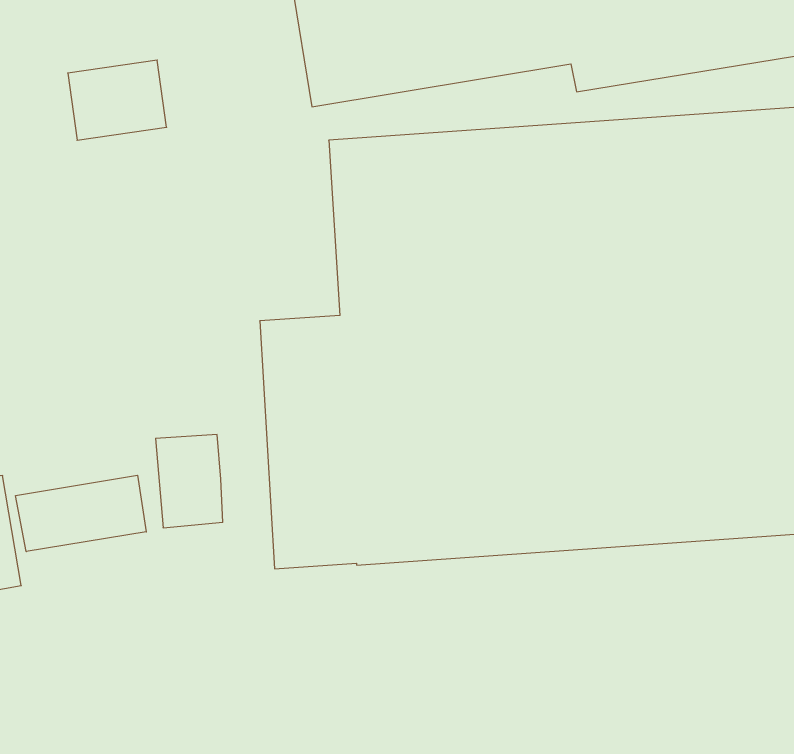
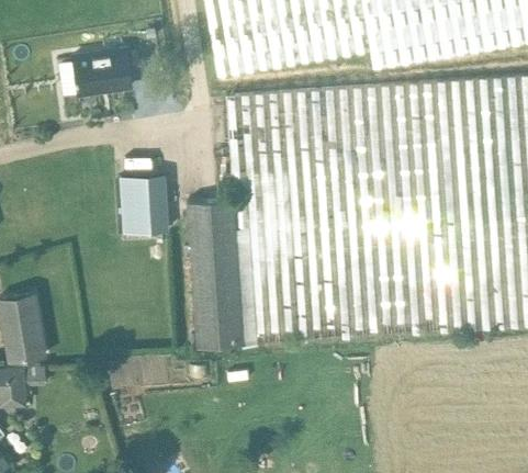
building: [156,435,223,528] -> [120,176,159,230]
building: [16,475,146,552] -> none

